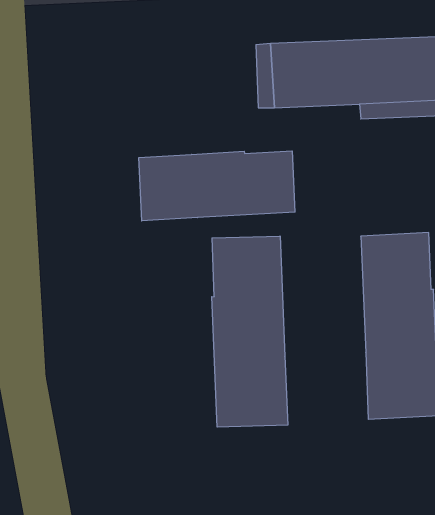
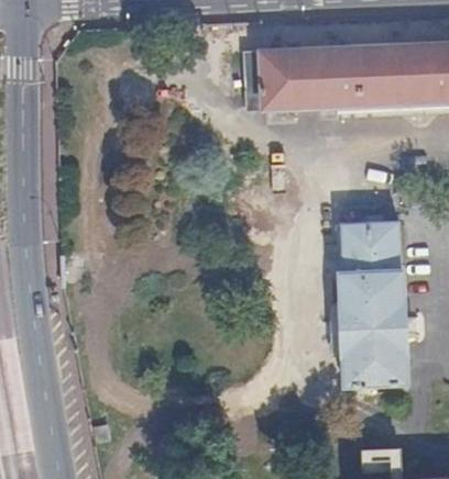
building: [139,151,295,221] -> none
building: [212,236,288,427] -> none

